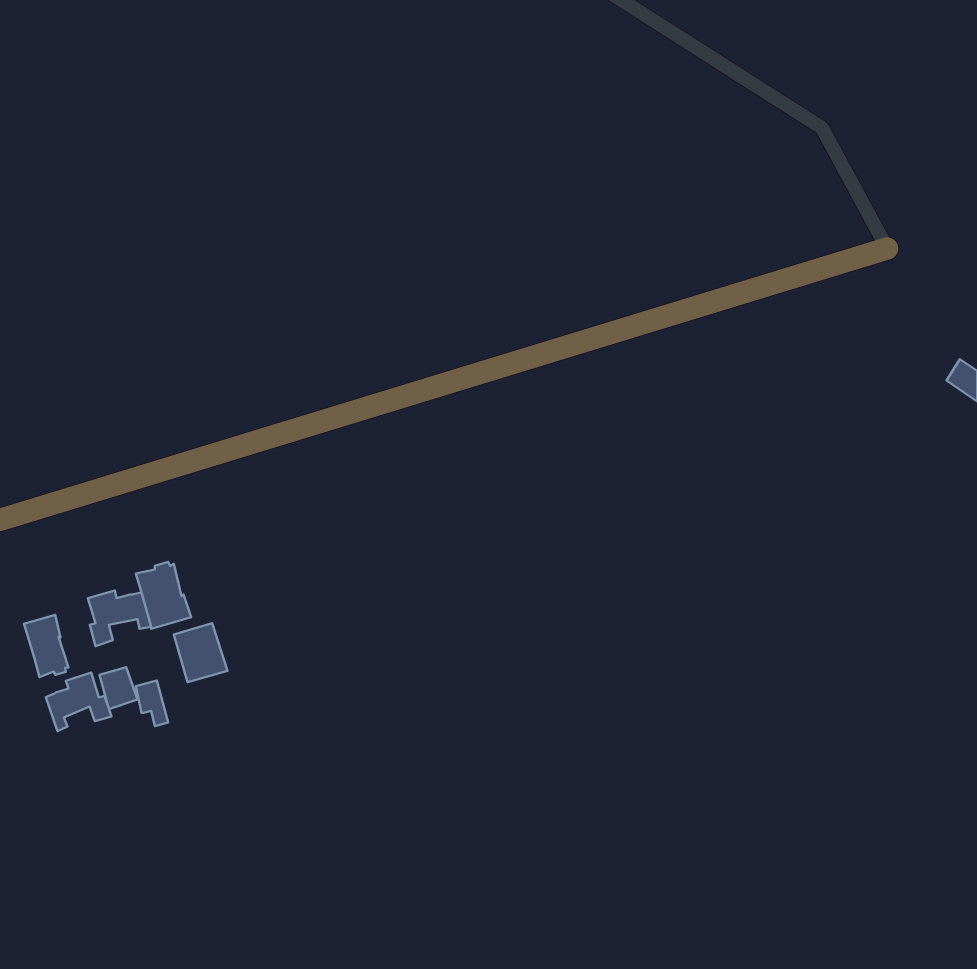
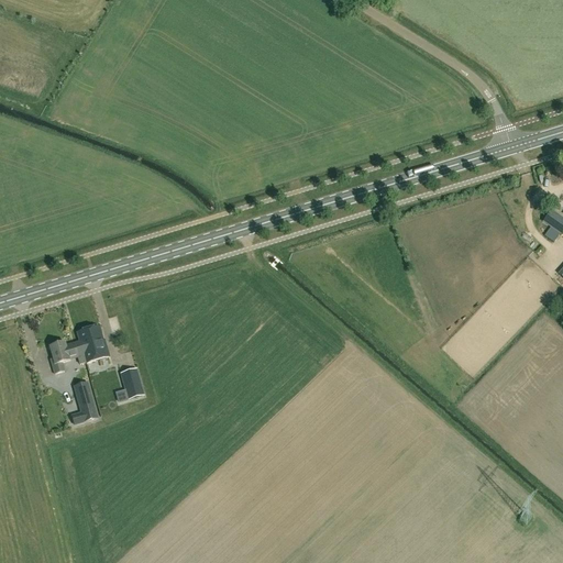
building: [24,615,69,677] -> none
building: [46,673,112,731] -> none

